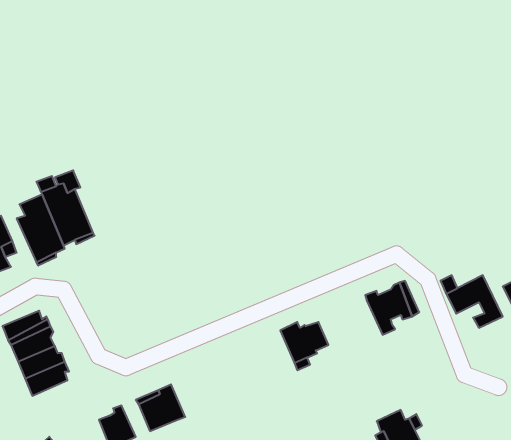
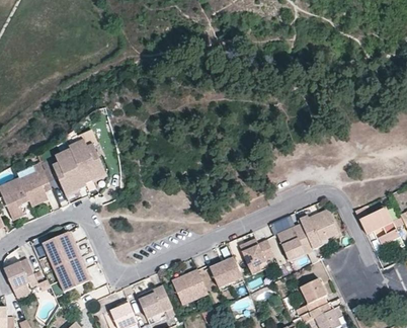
building: none -> [278,225,315,261]
building: none -> [211,258,243,289]
building: none -> [172,268,209,304]
building: none -> [300,278,327,311]

